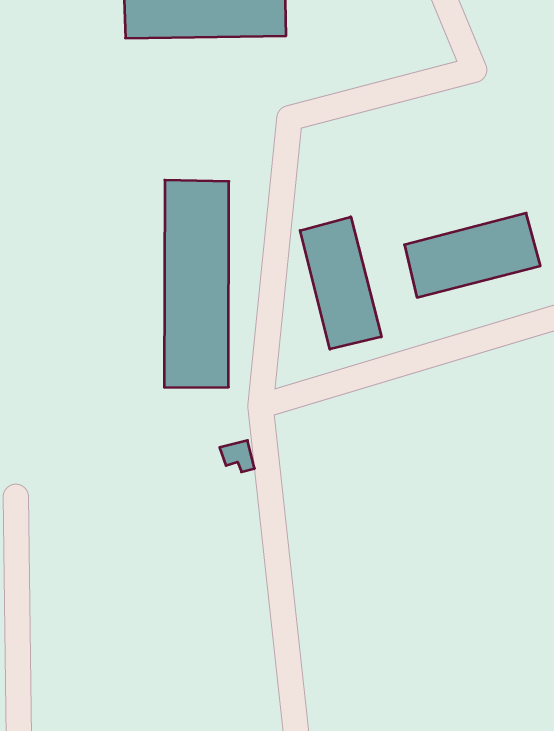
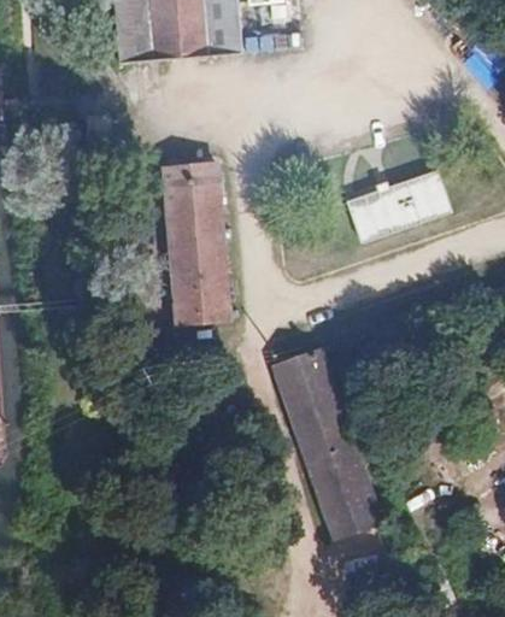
building: [300,217,381,349] -> none
building: none -> [275,349,377,537]

